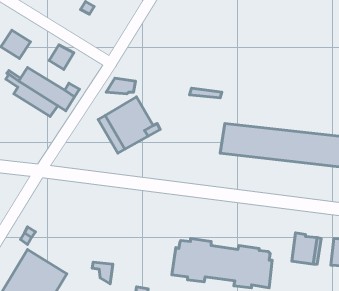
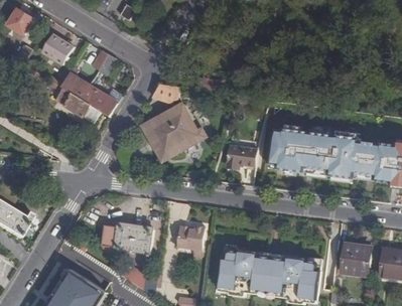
building: none -> [223,145,255,168]
building: none -> [101,225,152,257]
building: none -> [175,225,203,251]

